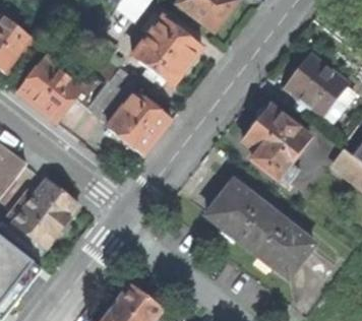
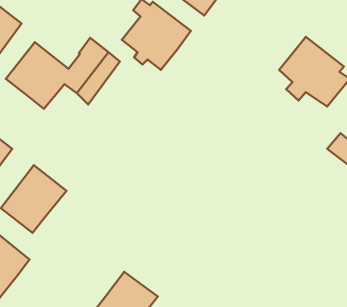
building: [105,90,169,153] -> none
building: [245,103,312,178] -> none
building: [210,179,316,275] -> none

